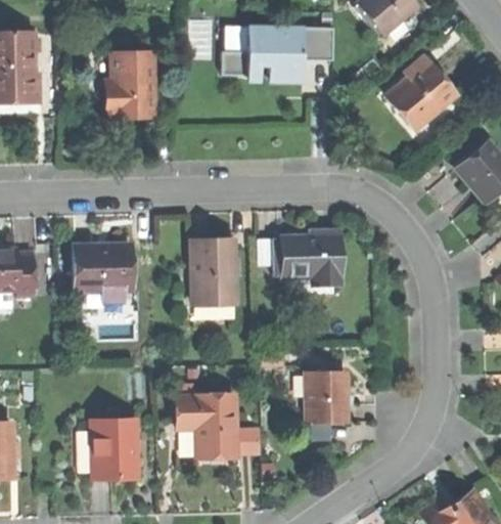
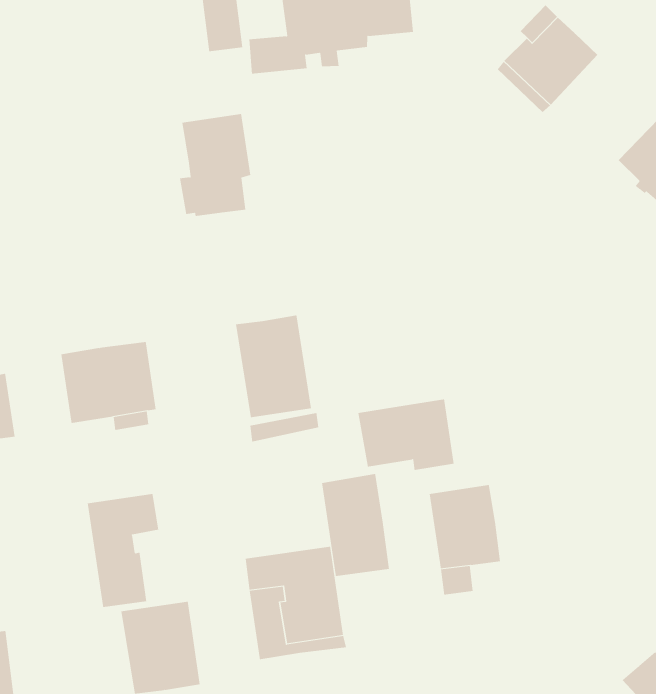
building: [106,52,154,117] -> [179,113,251,216]
building: [280,235,340,280] -> [357,399,455,470]
building: none -> [87,493,159,608]
building: none -> [322,473,389,577]

